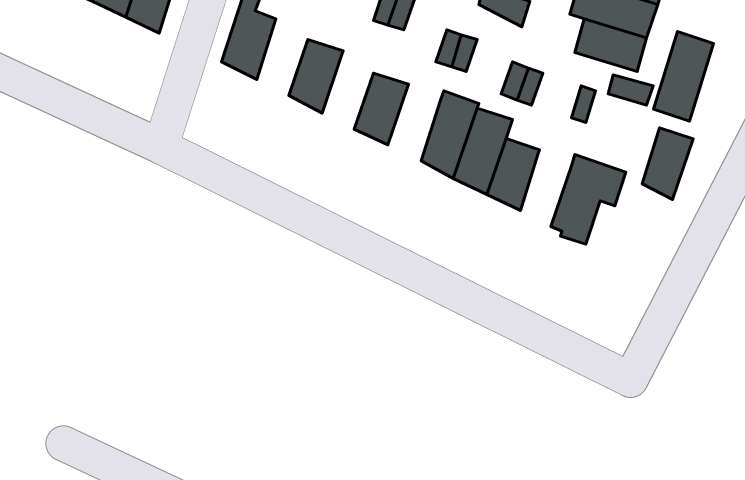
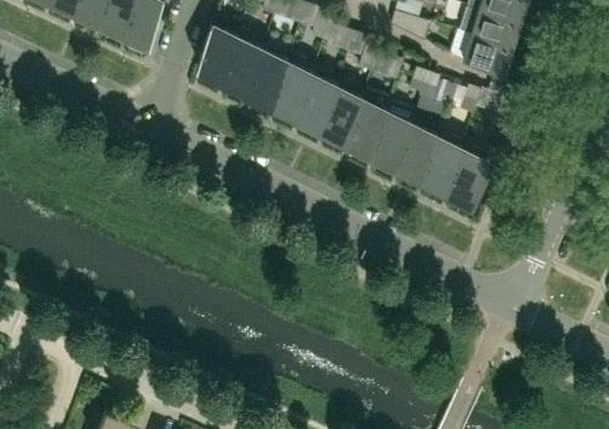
building: none -> [222,33,262,96]
building: [654,31,714,121] -> none
building: none -> [271,66,311,122]
building: none -> [321,92,361,146]
building: [642,128,693,200] -> [421,141,459,195]

